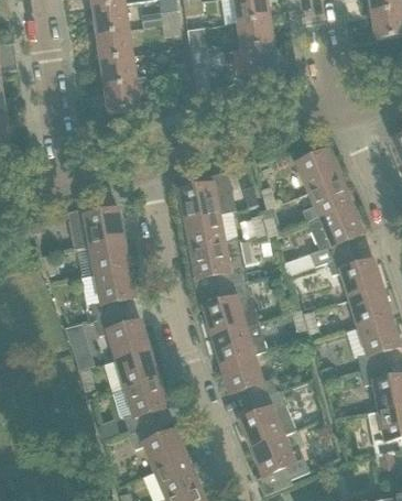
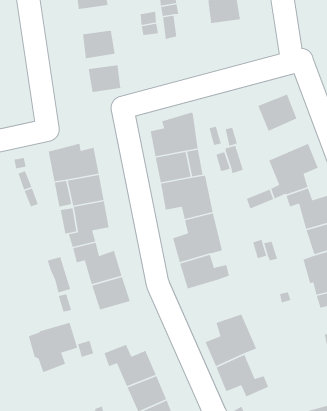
building: [100,54,137,85] -> [88,64,121,93]
building: [302,177,351,222] -> none
building: [219,353,275,400] -> none
building: [111,377,166,433] -> [28,322,78,373]

